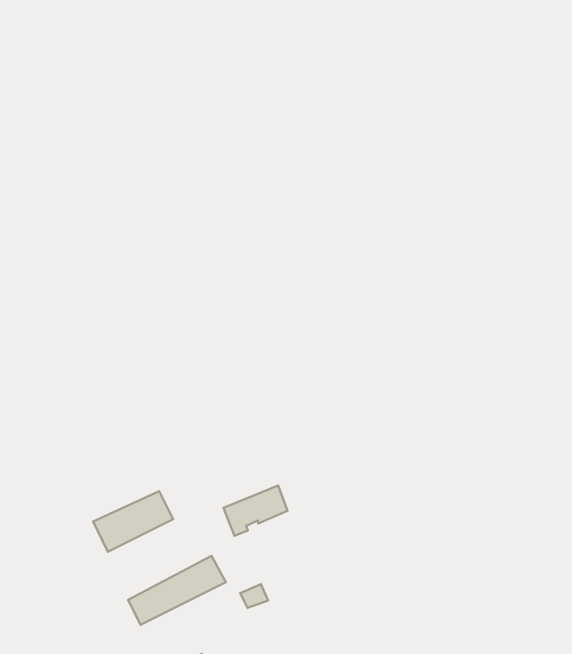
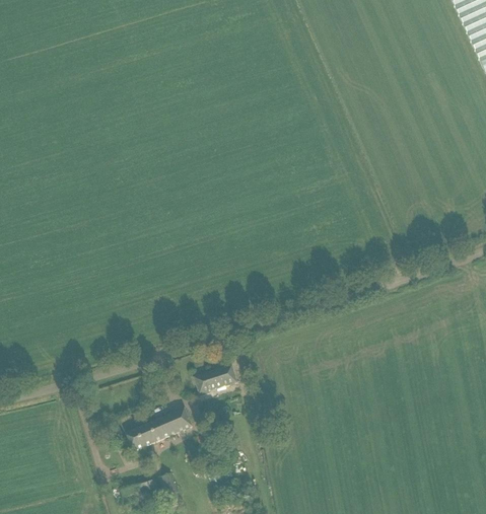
building: [93,491,173,552] -> none

